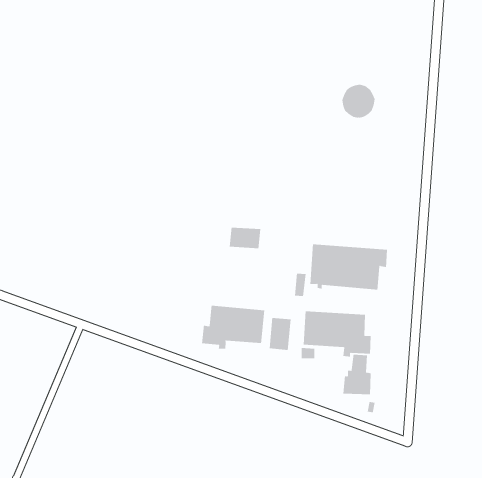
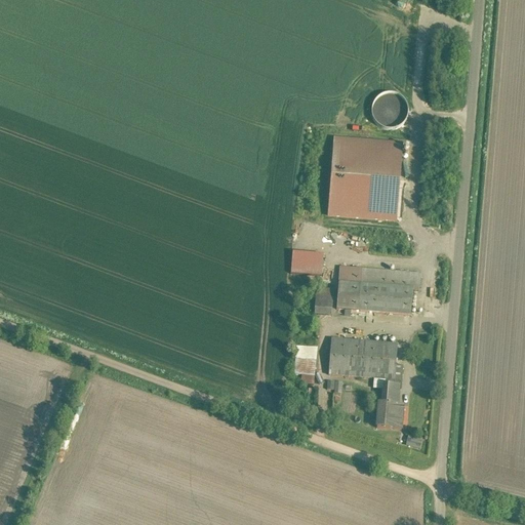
building: none -> [328,135,403,220]
building: [229,227,261,249] -> [289,251,324,275]
building: [201,305,265,350] -> none

